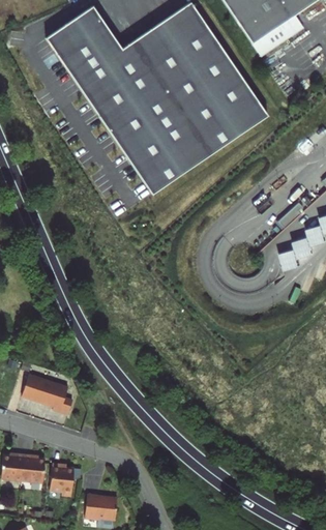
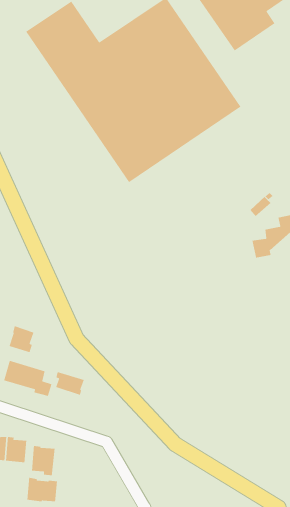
building: none -> [8,325,34,353]
building: none -> [55,371,85,396]
building: [86,494,118,520] -> [27,477,58,502]

